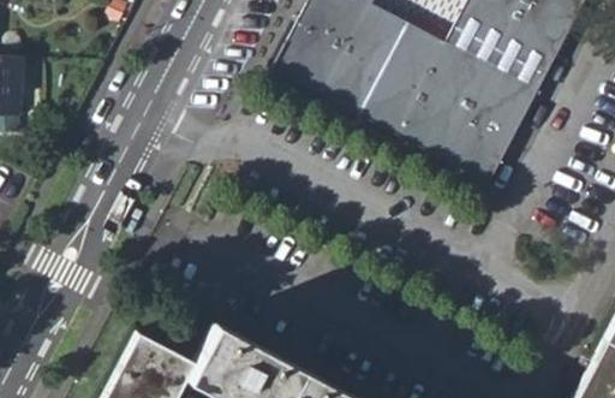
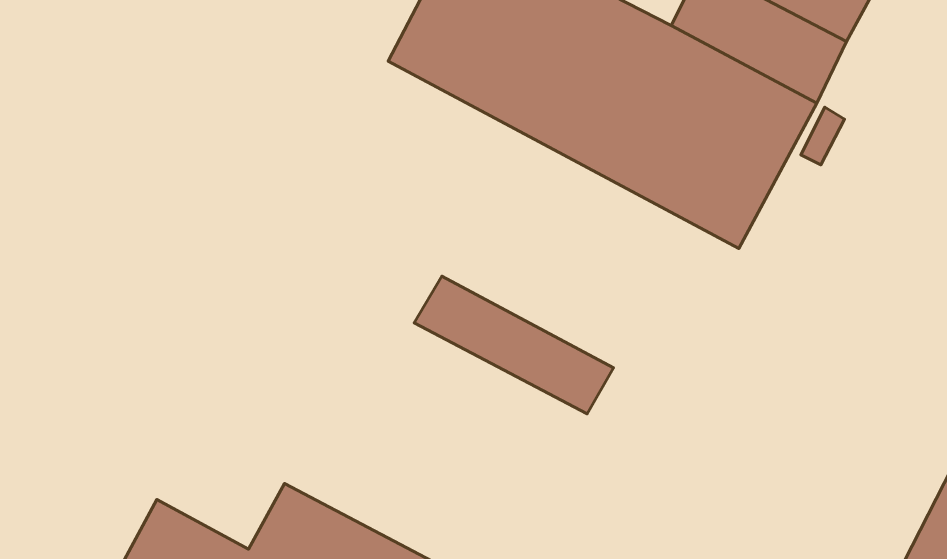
building: none -> [414,276,613,414]

